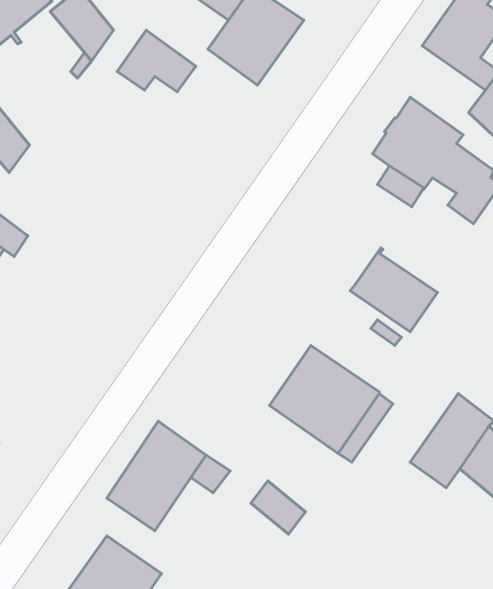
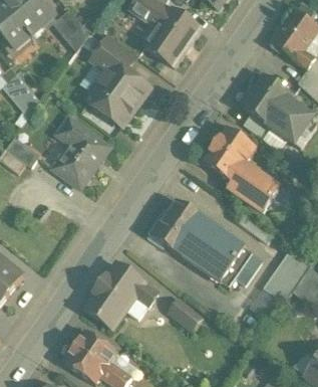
building: none -> [84,60,147,125]
building: none -> [51,117,108,187]
building: none -> [201,126,255,181]
building: none -> [149,198,204,254]

